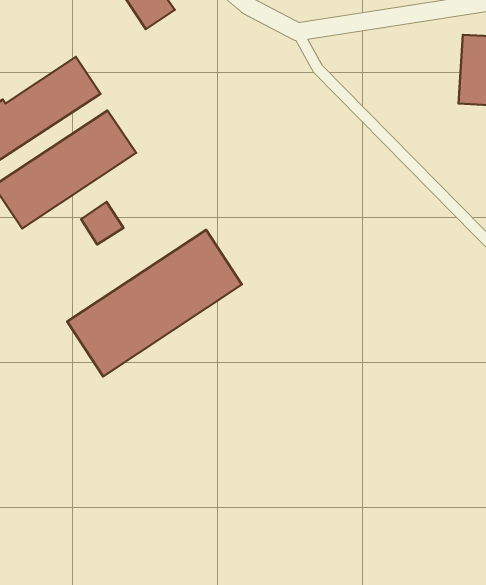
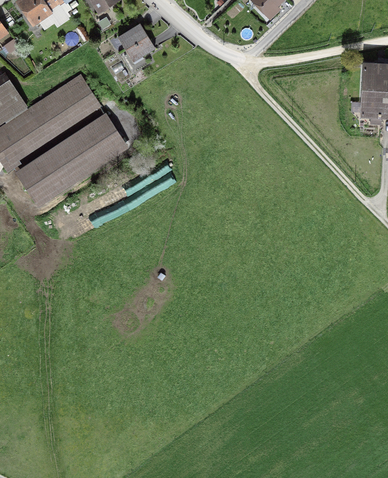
building: [81,202,124,245] -> none
building: [67,230,242,376] -> none

